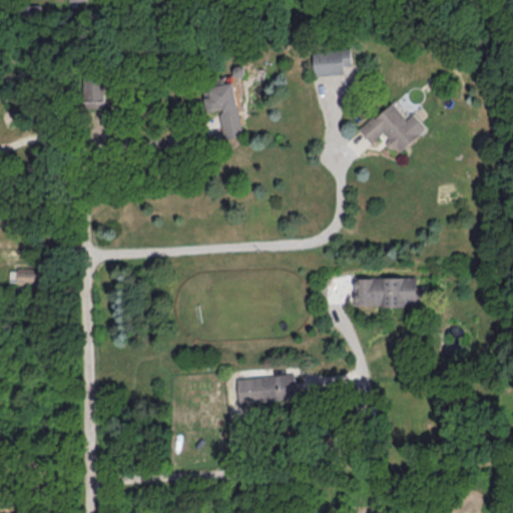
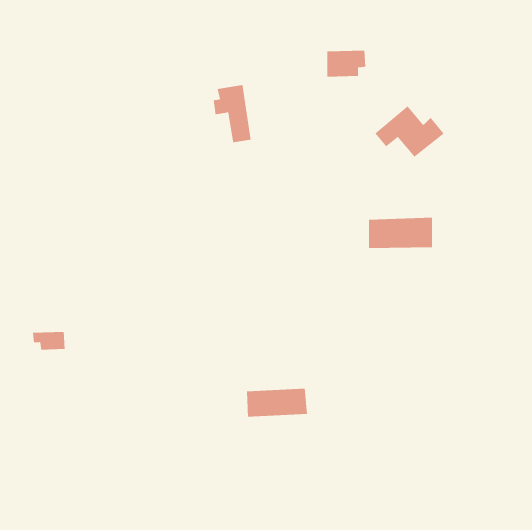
building: [82,79,104,110] -> none
building: [8,270,40,288] -> [32,331,66,350]
building: [354,278,416,308] -> [368,217,433,249]

